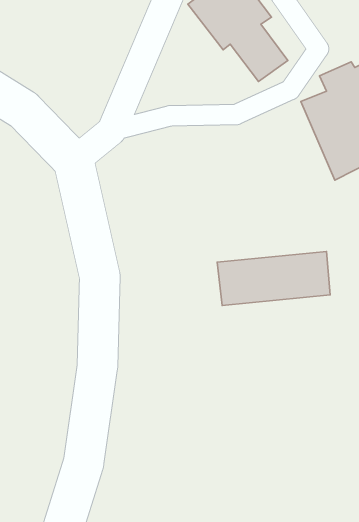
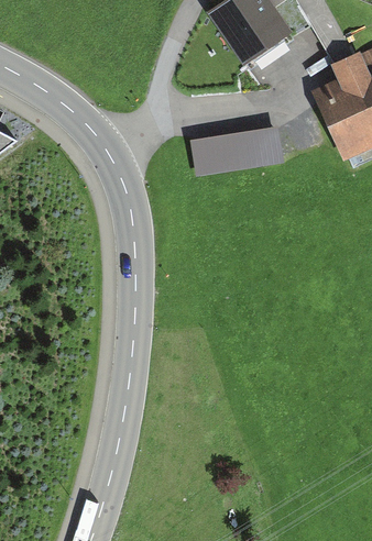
building: [217,252,330,305] -> [187,123,293,174]

